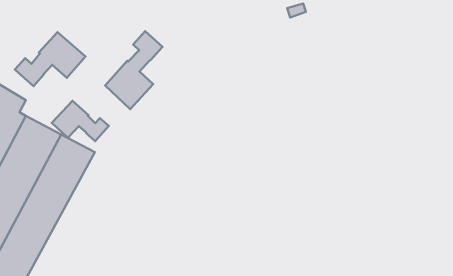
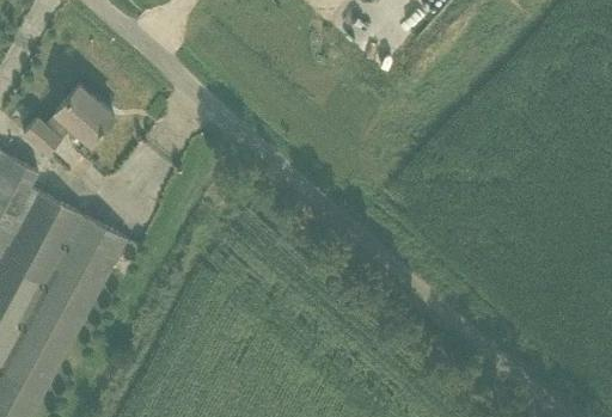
building: [105,31,163,109] -> none
building: [52,101,109,141] -> none

